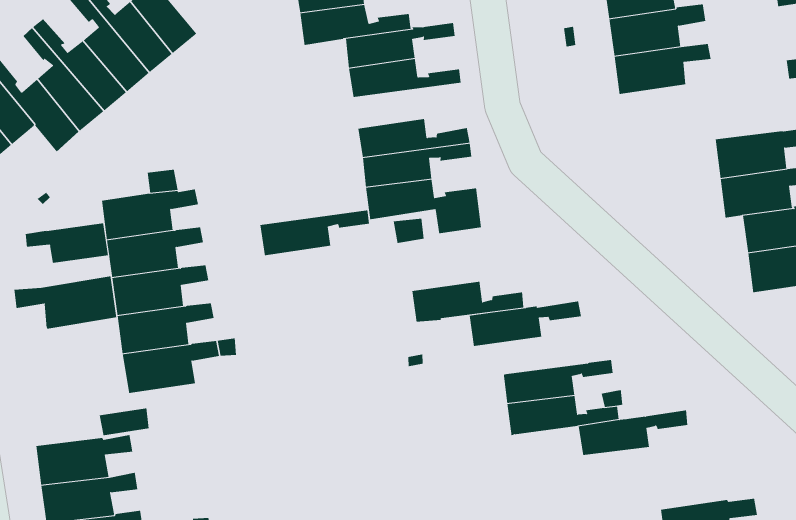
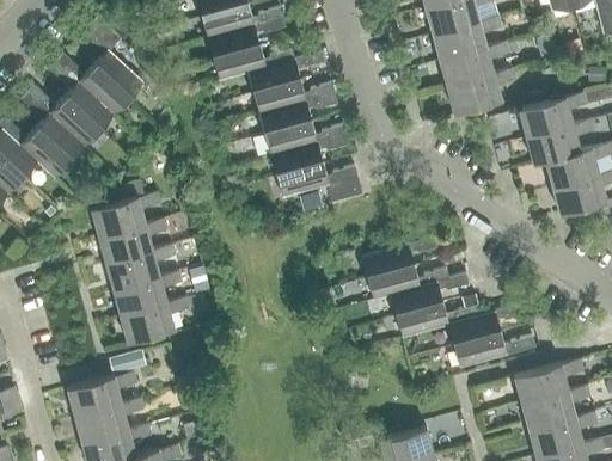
building: none -> [447,68,516,115]
building: [260,210,370,256] -> [259,93,337,135]
building: [25,222,108,264] -> none
building: [14,276,117,329] -> none
building: [411,281,526,322] -> [367,265,449,300]
building: none -> [454,333,536,368]

